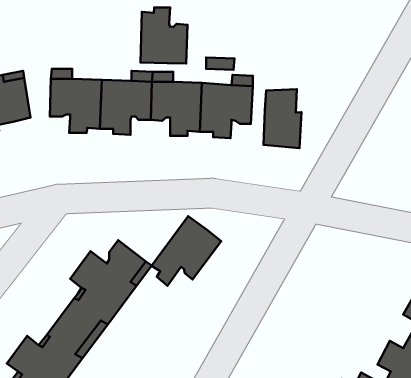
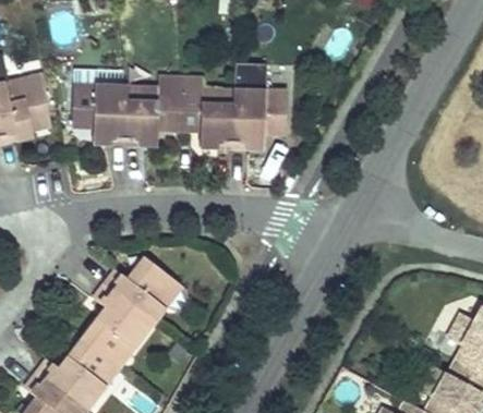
building: [140,7,188,64] -> none
building: [264,89,302,148] -> none
building: [152,216,221,286] -> none

